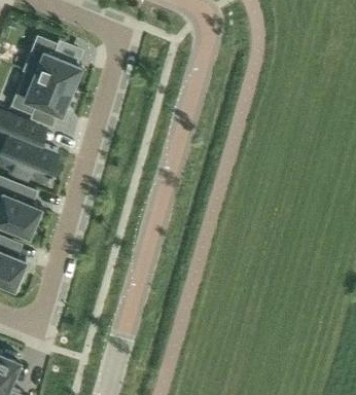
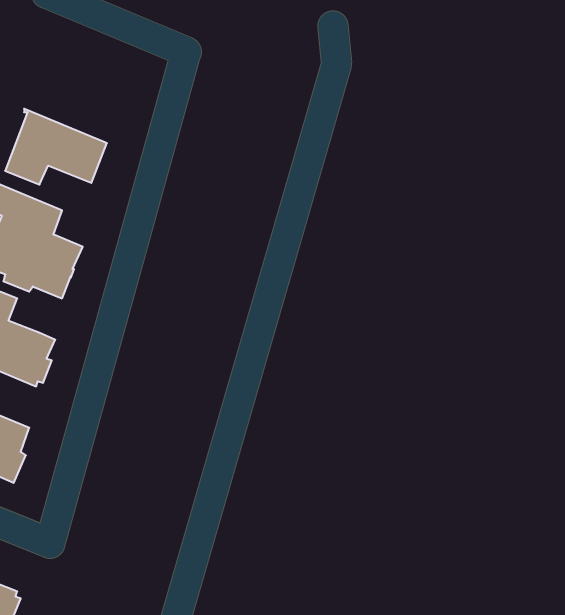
building: [23,35,81,91] -> none

